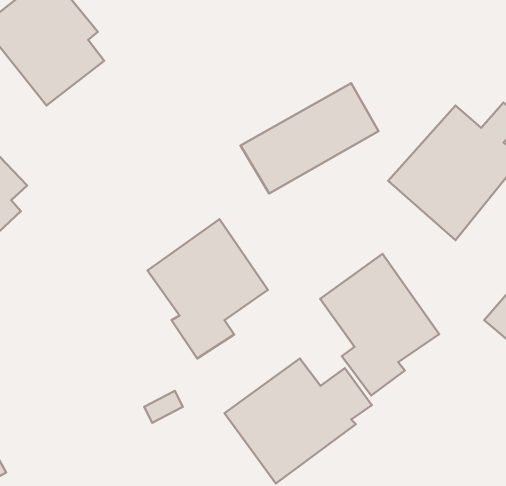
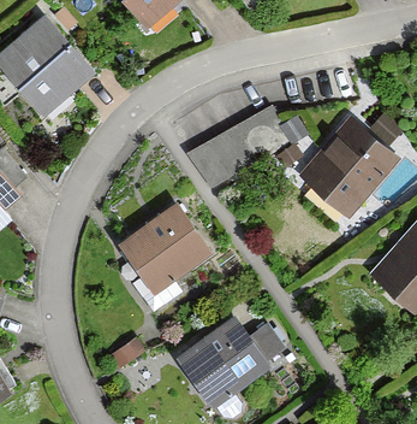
building: [320,254,439,395] -> none

